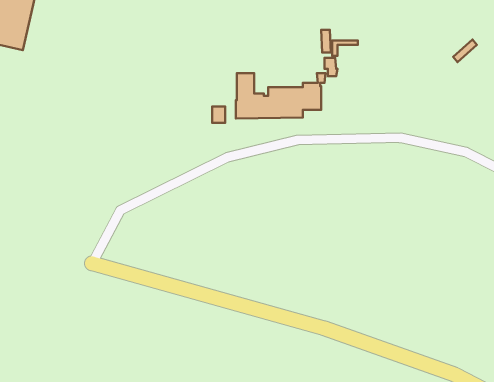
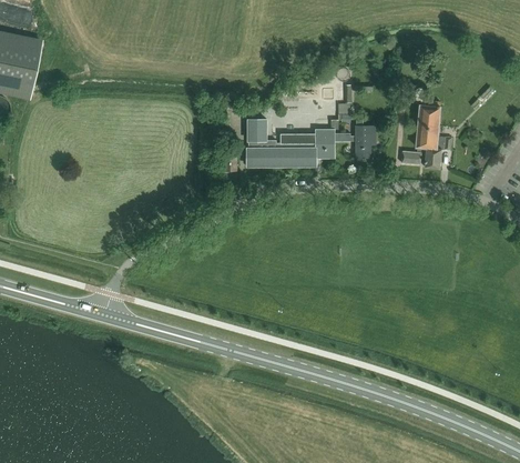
building: none -> [401,104,452,169]
building: none -> [335,127,375,158]

